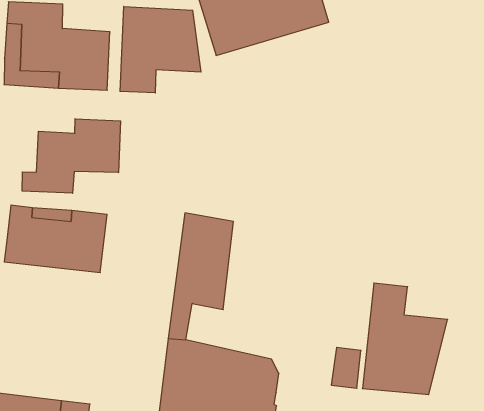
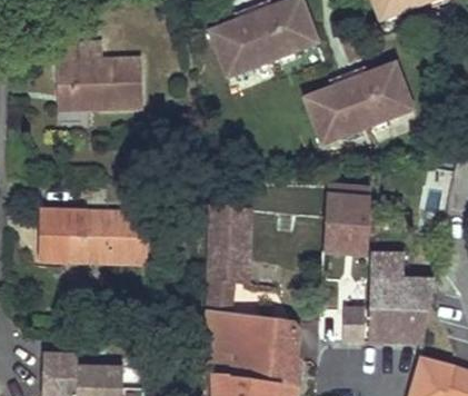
building: [120,6,201,93] -> none
building: none -> [305,61,415,145]
building: [22,119,121,193] -> none
building: none -> [321,197,369,255]

